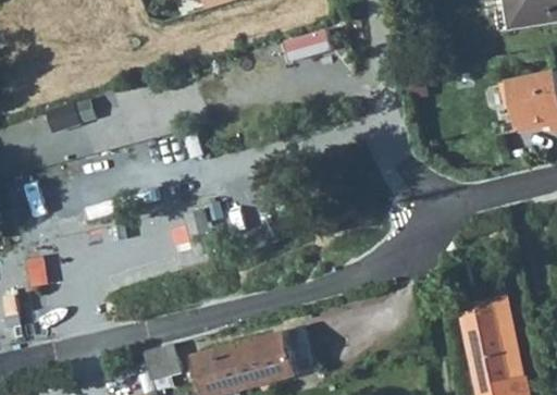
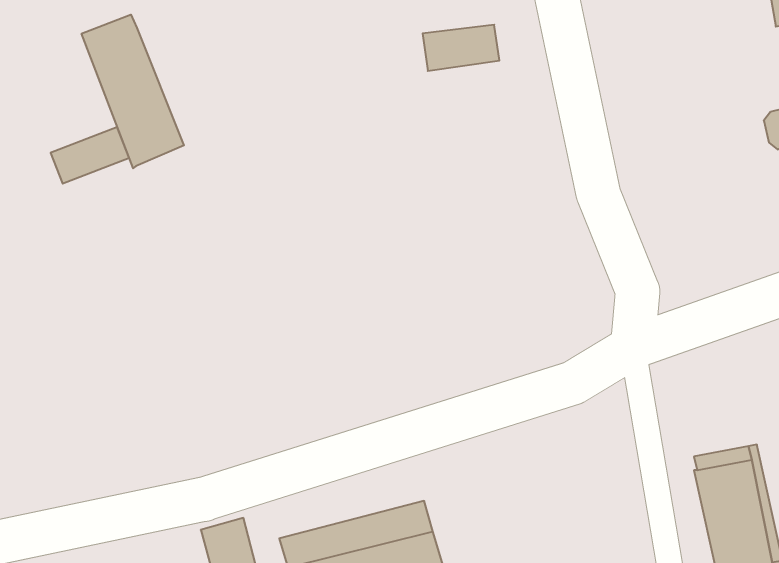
building: none -> [82,15,184,168]

